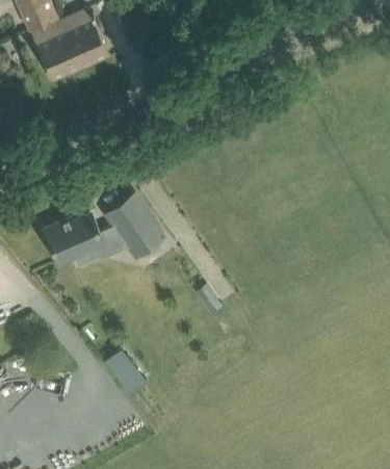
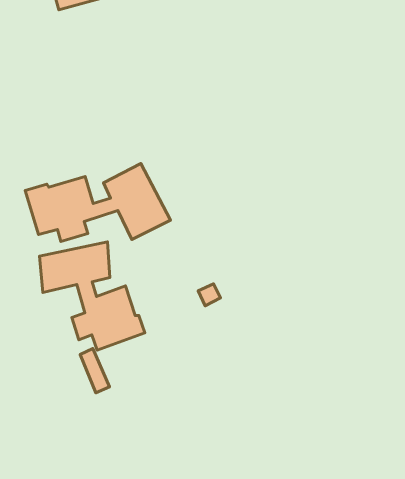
building: none -> [40,242,145,350]

